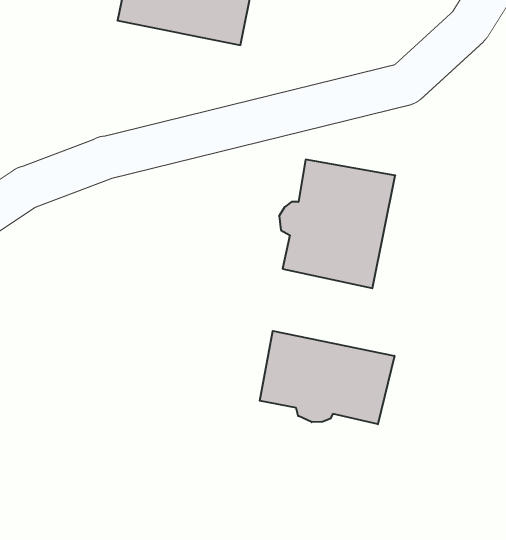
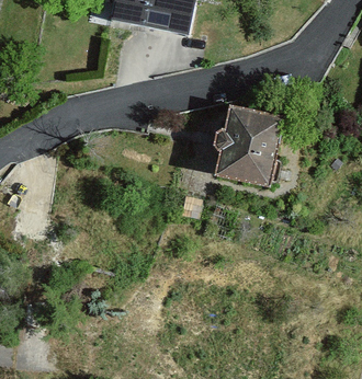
building: [260,331,394,424] -> none

